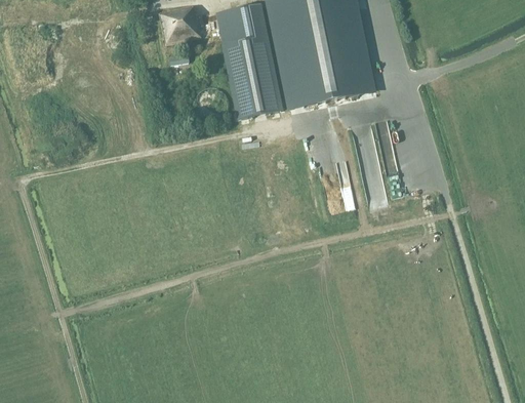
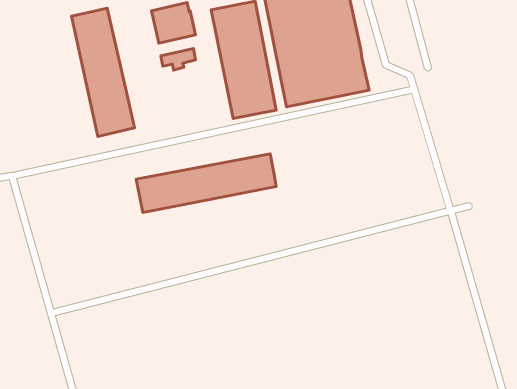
building: none -> [71,8,135,136]
building: none -> [136,154,276,213]

